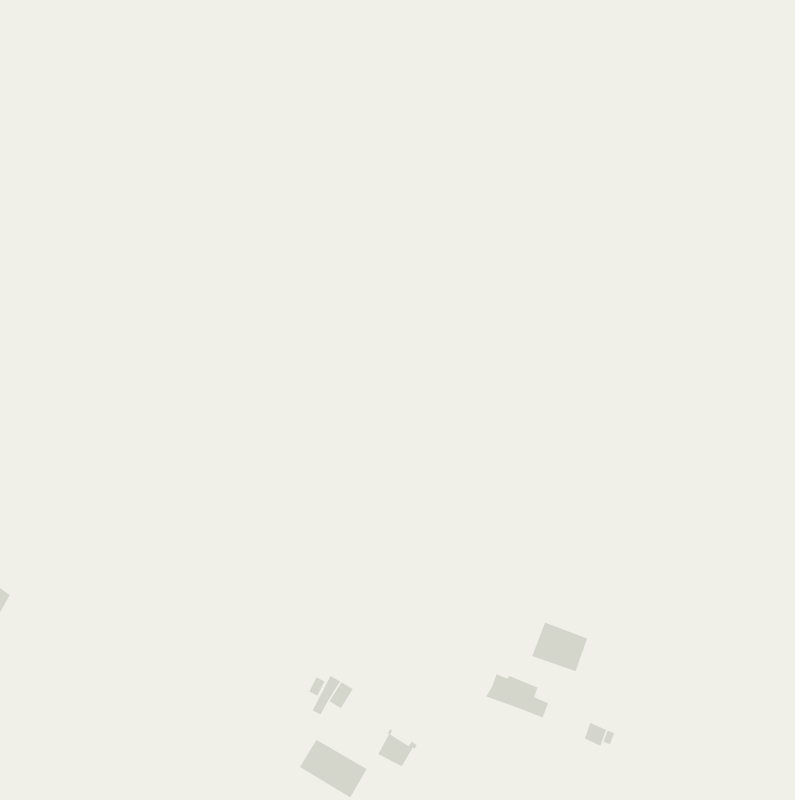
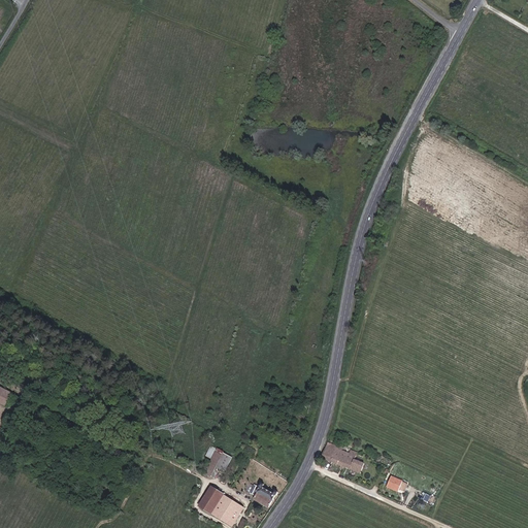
building: [531,621,588,672] -> none

